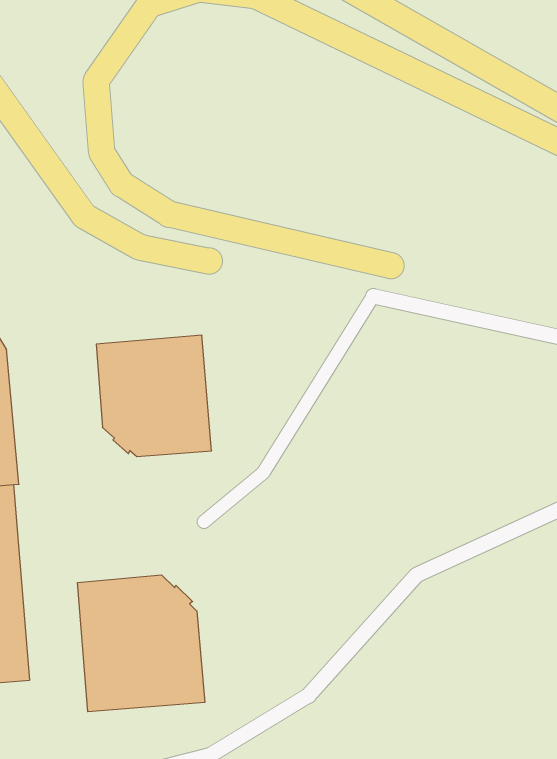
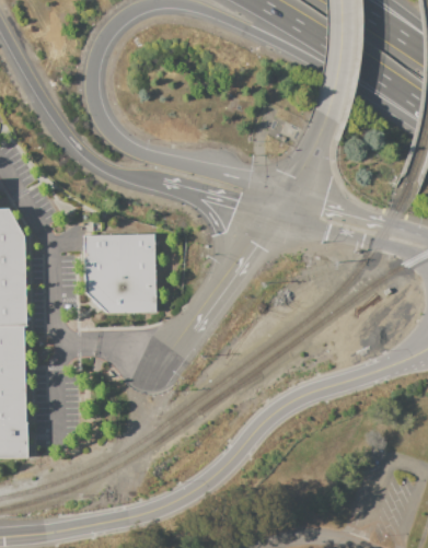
building: [78,575,205,712] -> none

